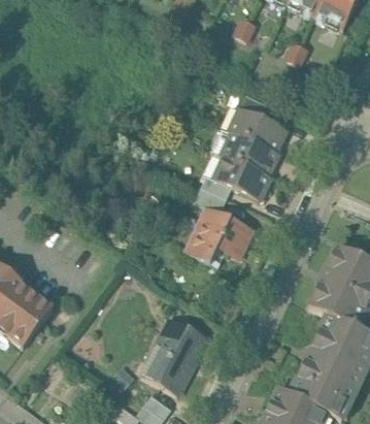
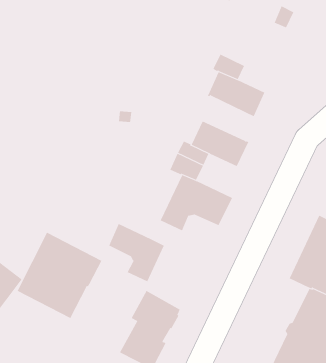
building: [222,130,277,173] -> none
building: none -> [109,223,165,282]
building: none -> [17,232,102,319]

